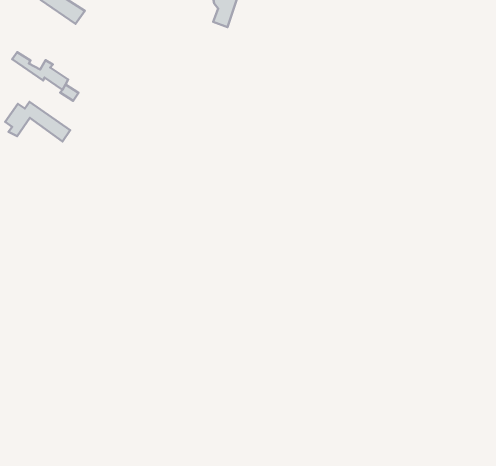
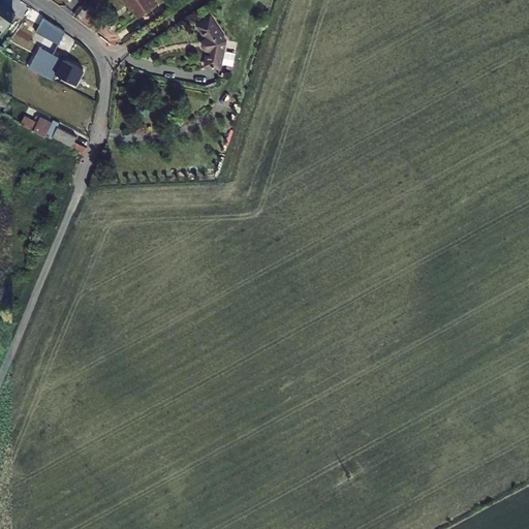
building: [5,102,70,142] -> none

